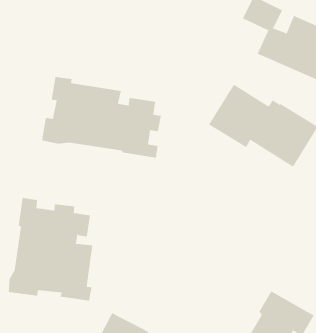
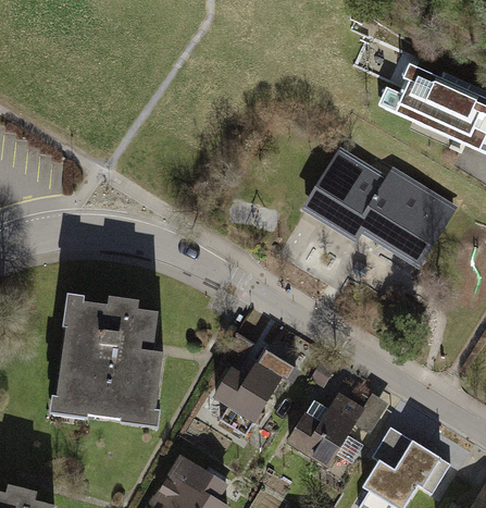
building: [42,76,162,158] -> none
building: none -> [219,339,307,424]
building: none -> [283,383,372,469]

